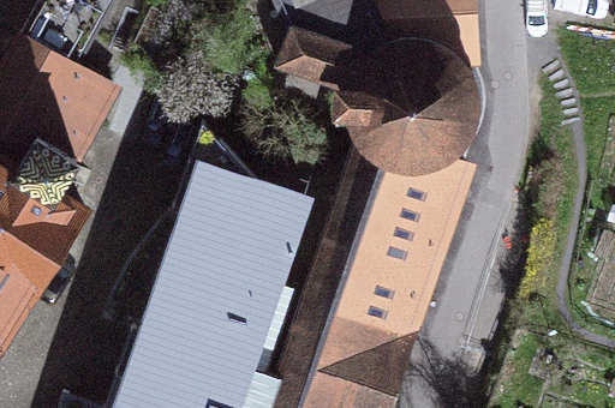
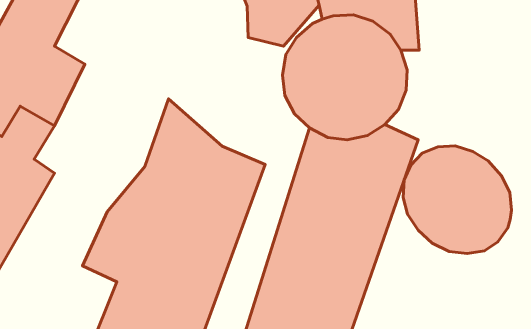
building: none -> [403,146,512,254]

